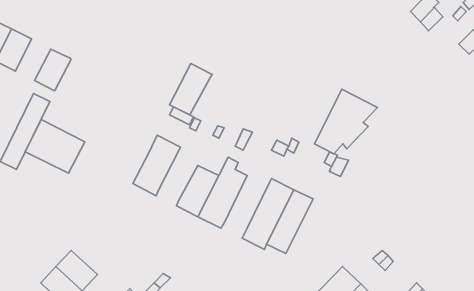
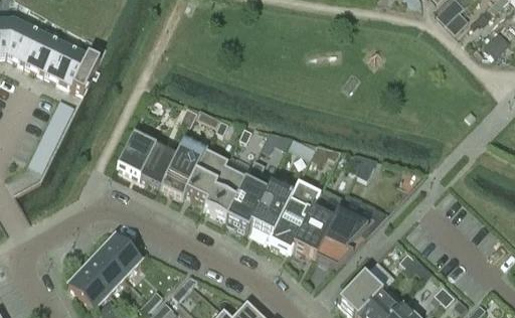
building: none -> [43,41,78,83]
building: [170,63,212,115] -> [185,151,227,202]
building: [315,89,377,154] -> [312,200,374,265]
building: [25,120,85,173] -> [117,132,176,185]
building: none -> [250,177,294,234]
building: none -> [99,235,141,276]

